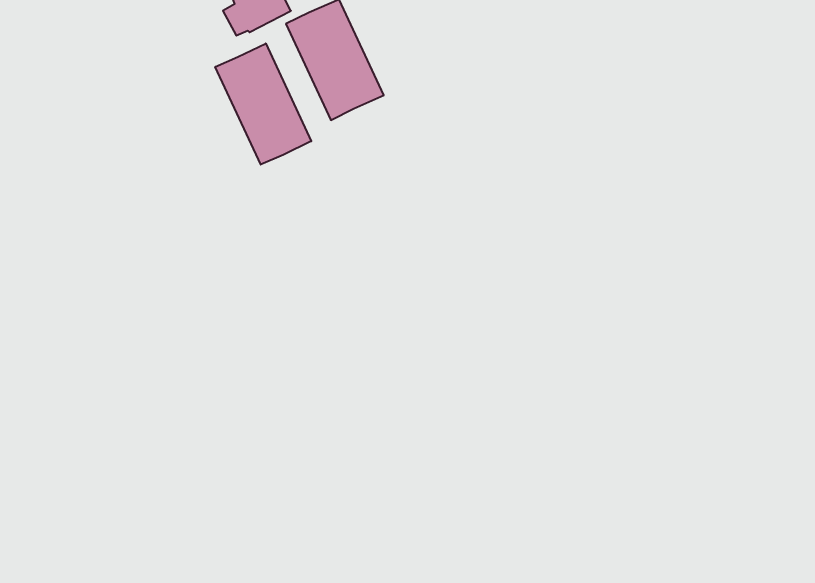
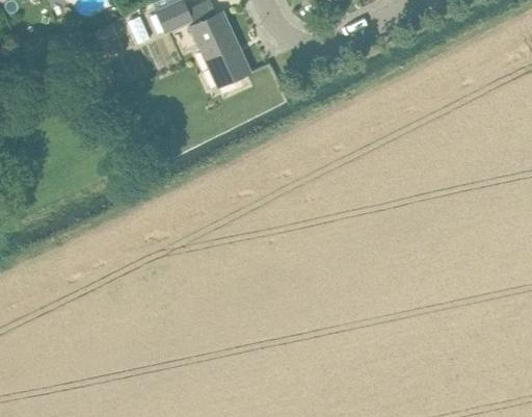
building: [215,43,311,165] -> none

